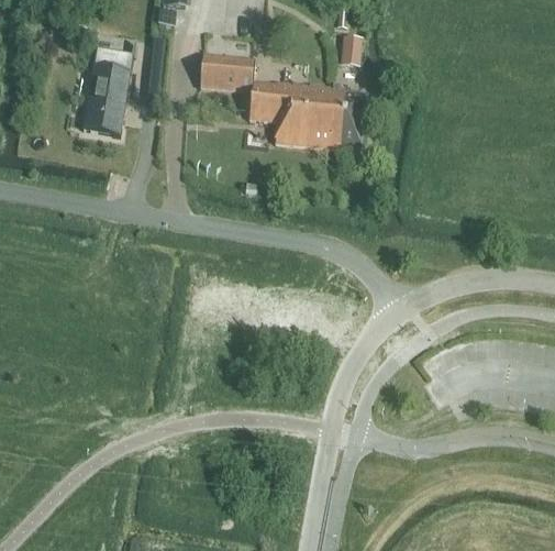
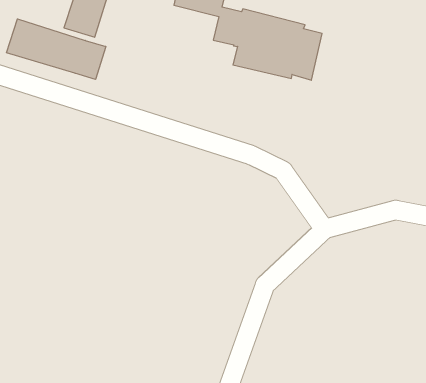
building: none -> [7,19,106,79]

